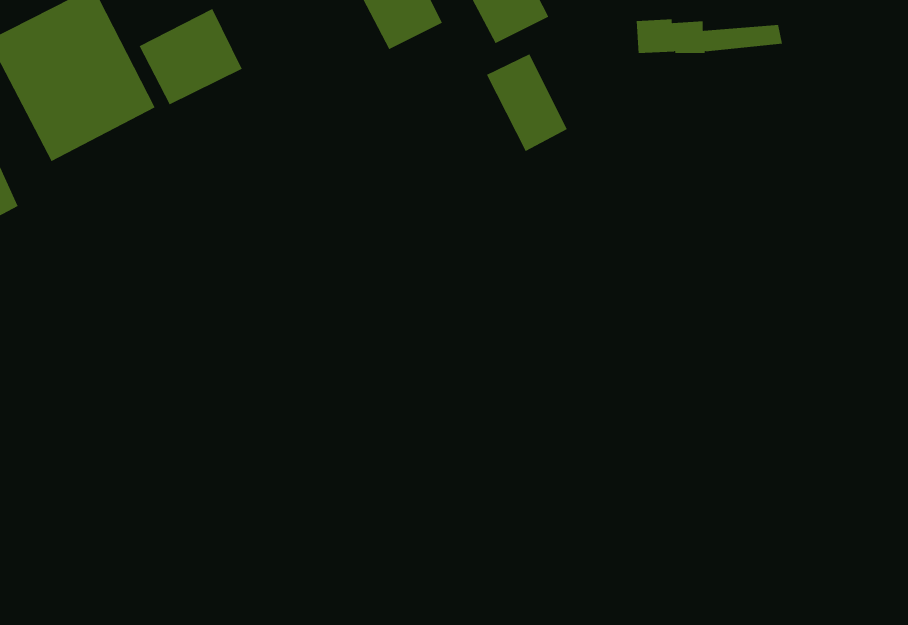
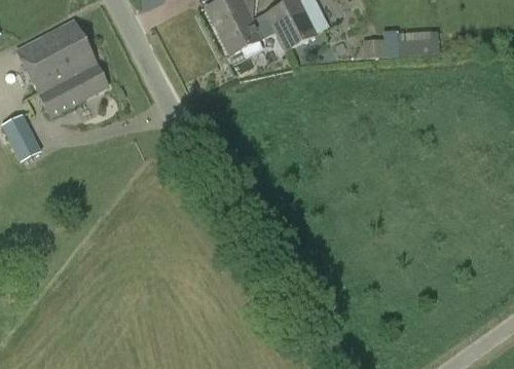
building: [139,8,243,105] -> none
building: [486,53,568,152] -> none

